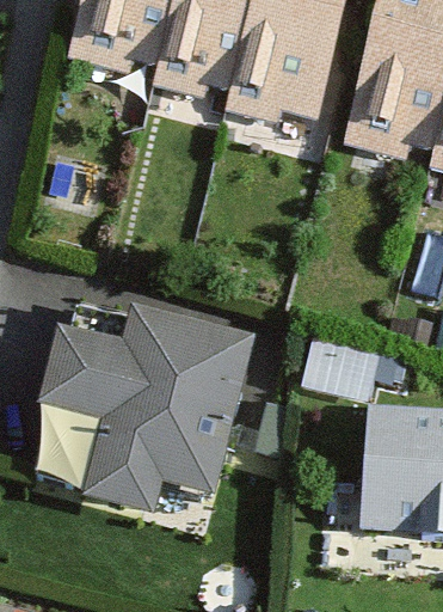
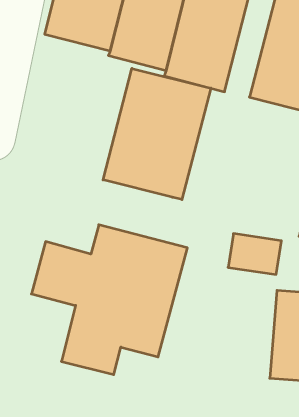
building: none -> [103,68,211,200]

